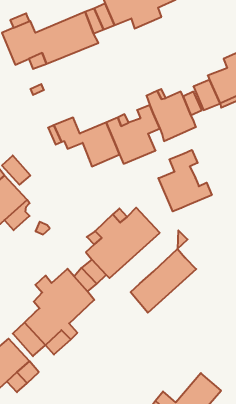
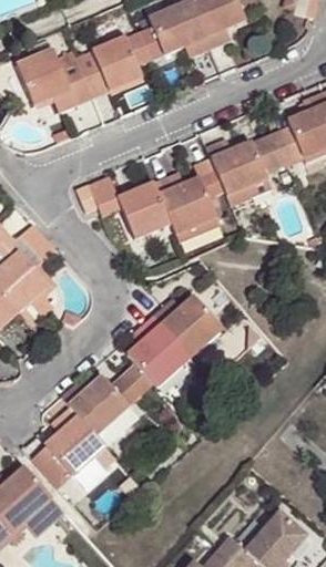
building: [158,150,212,211] -> none
building: [131,249,196,313] -> none

